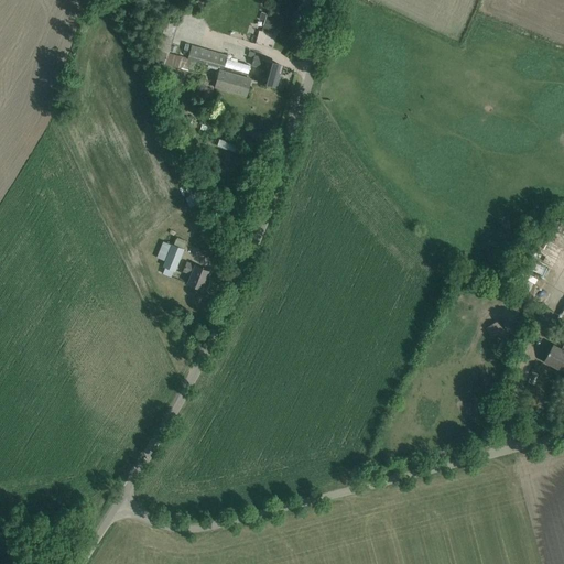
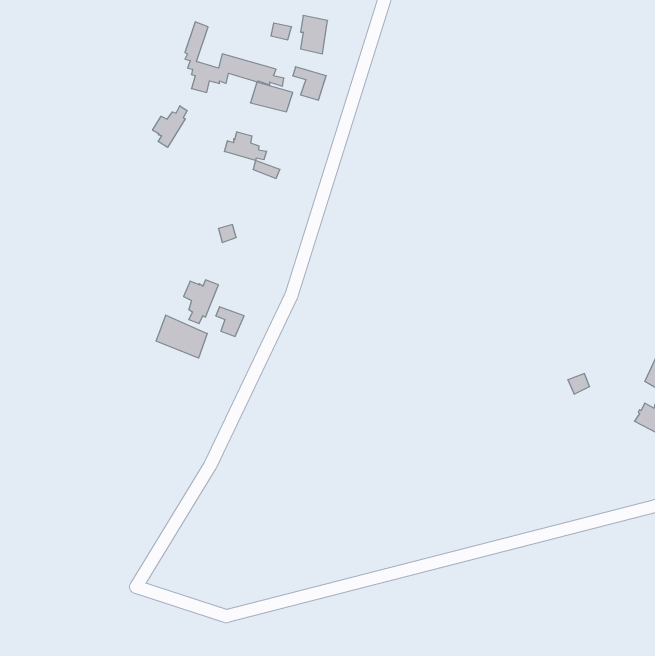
building: none -> [153,106,187,147]
building: none -> [224,132,267,160]
building: none -> [156,315,207,358]

